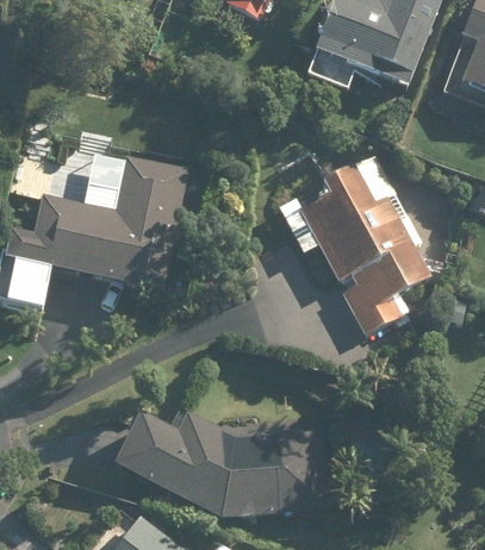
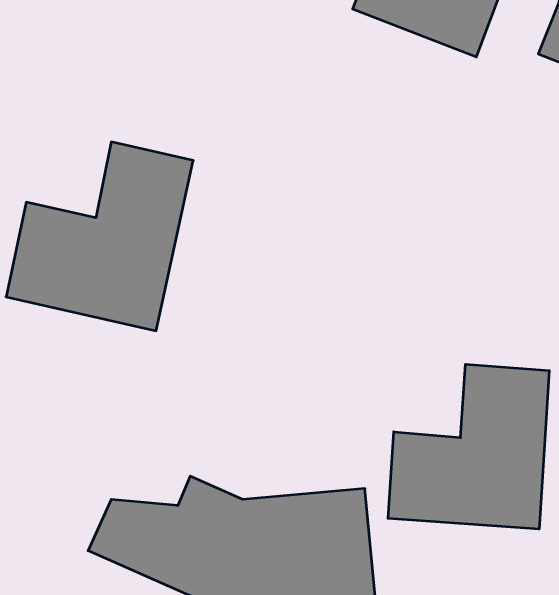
building: [273,155,429,335] -> none
building: none -> [388,364,549,529]

